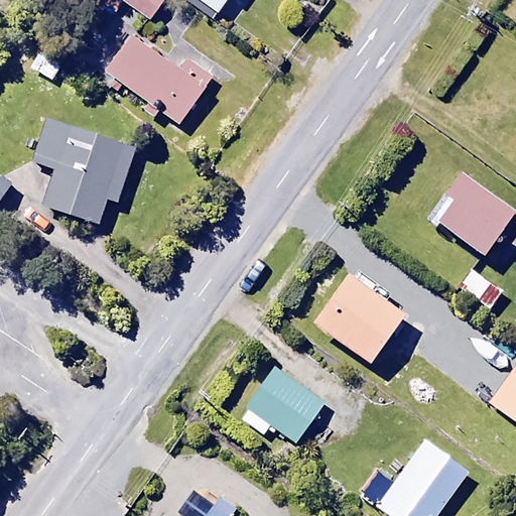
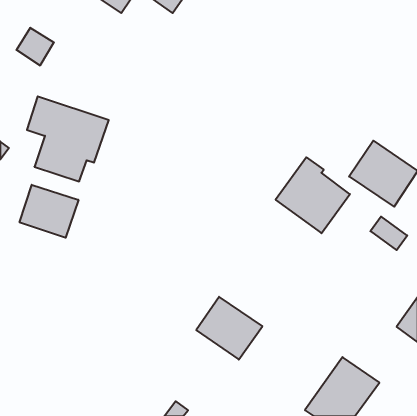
building: [105,33,214,123] -> none
building: none -> [20,185,78,238]
building: [315,270,407,364] -> [276,157,350,233]

